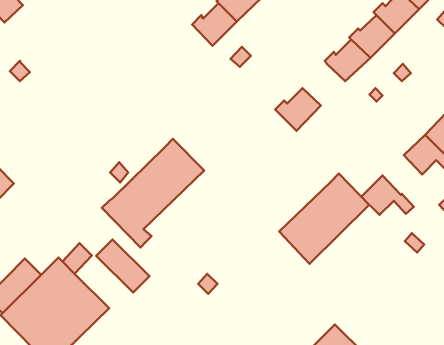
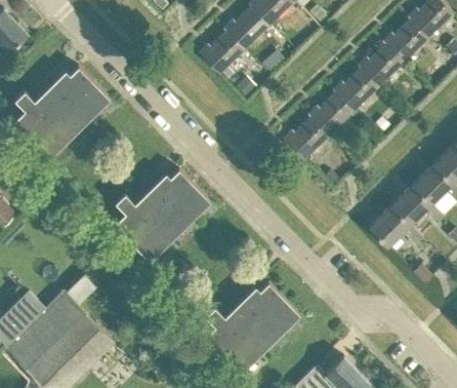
building: none -> [17,67,109,158]
building: none -> [306,93,352,135]
building: none -> [390,186,444,226]
building: [279,174,369,264] -> [207,282,298,374]
building: [96,239,149,293] -> none

